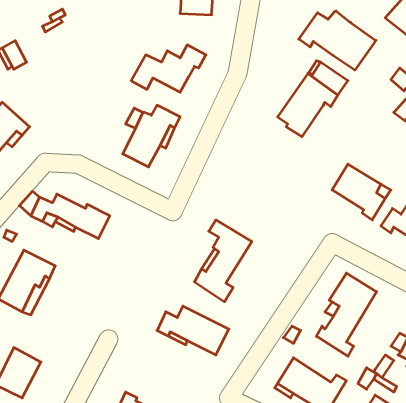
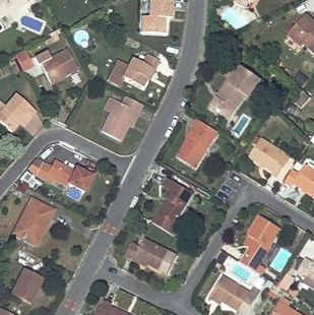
building: [299,11,376,70] -> none
building: none -> [34,49,77,82]
building: none -> [176,119,216,167]

